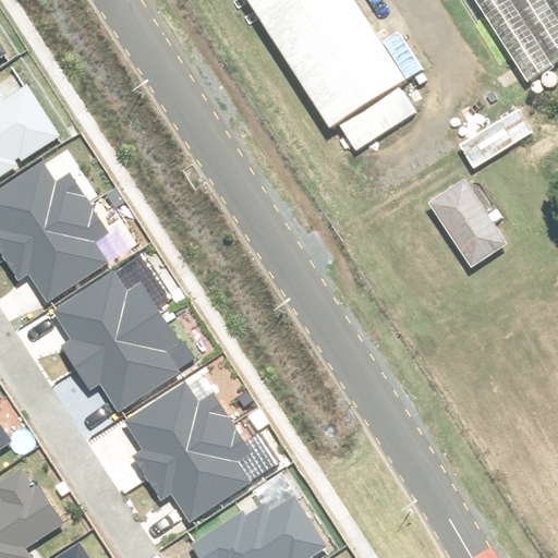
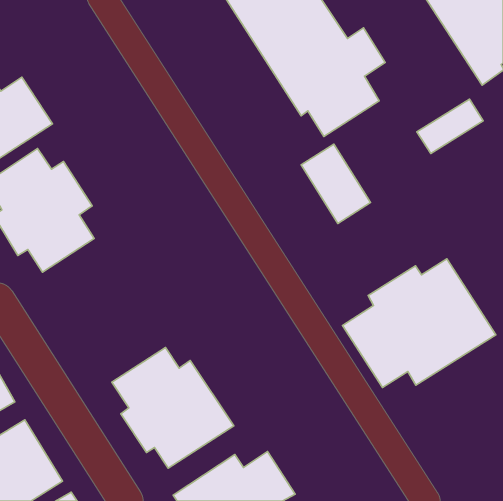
building: [430,181,507,268] -> [301,144,370,223]
building: [51,272,172,408] -> none
building: none -> [342,259,496,387]

